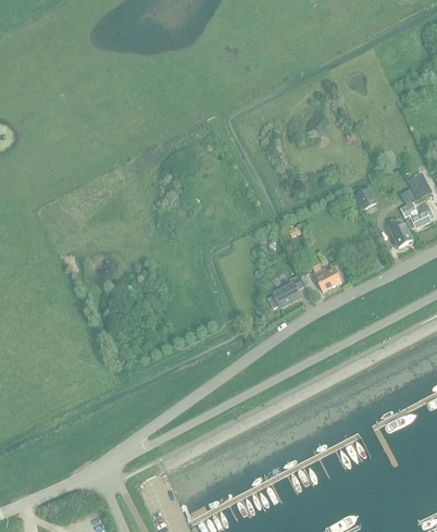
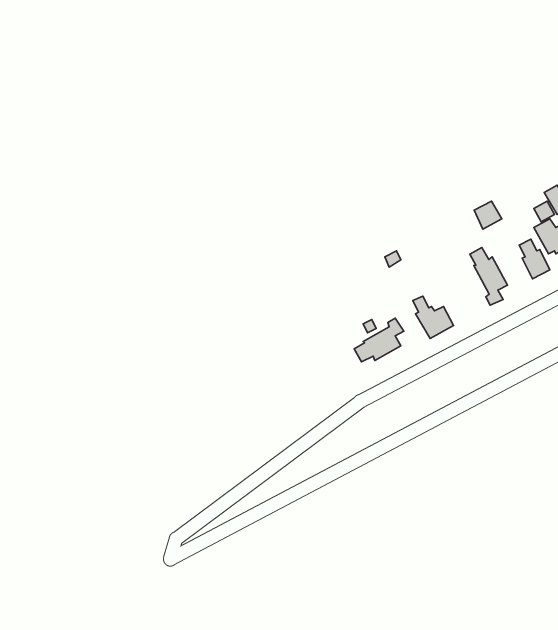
building: none -> [470,247,507,305]

